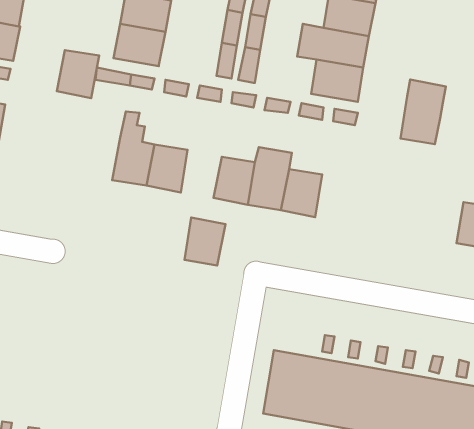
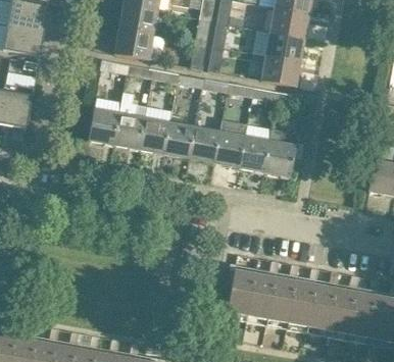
building: [57,50,99,98] -> [88,106,119,142]
building: [400,80,446,144] -> [264,125,298,173]
building: [184,217,226,265] -> [164,119,195,155]

